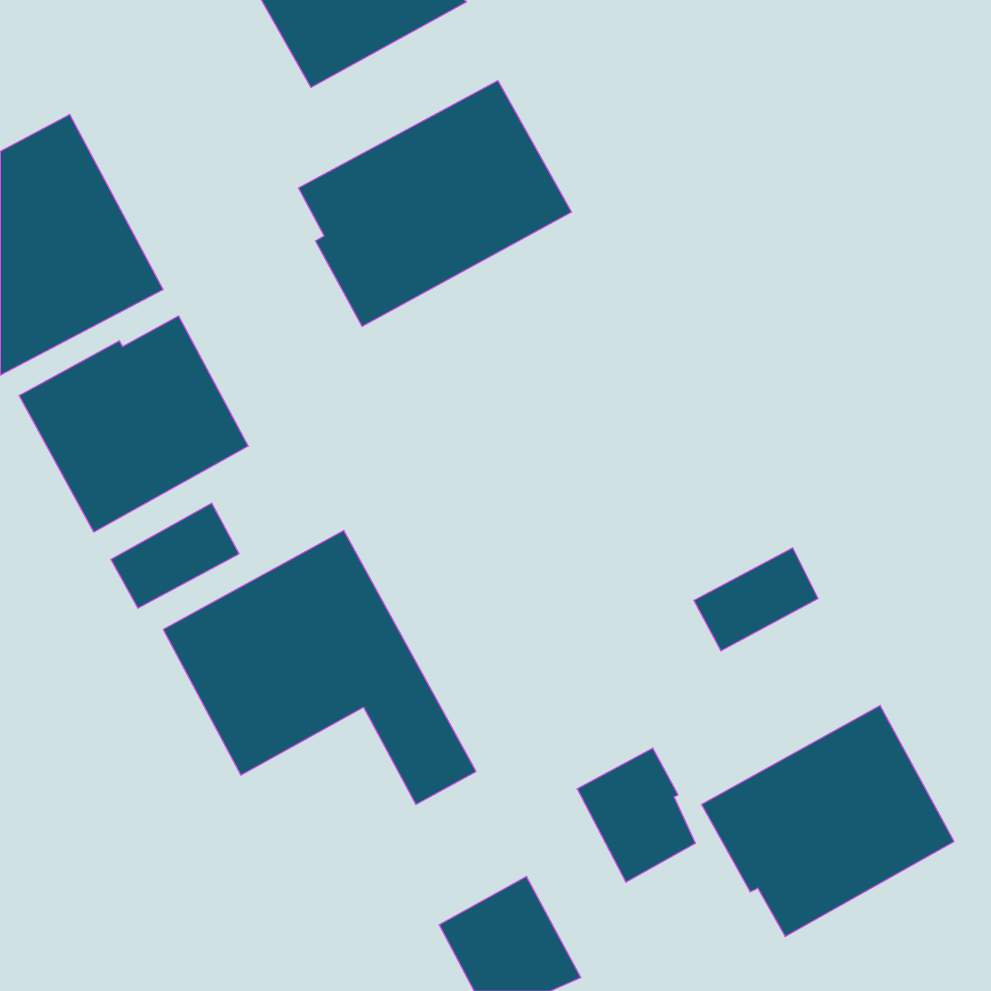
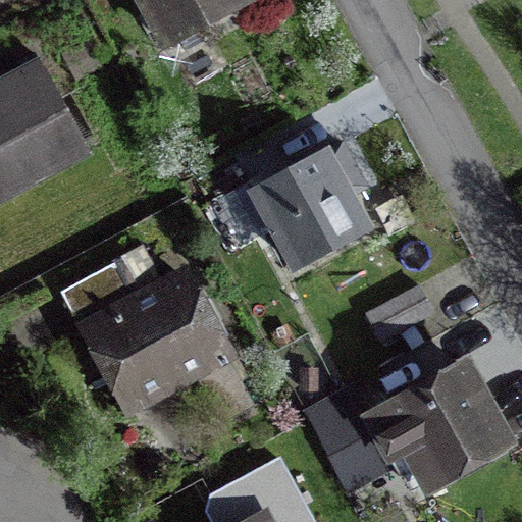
building: [299,81,571,326] -> none
building: none -> [252,146,365,267]
building: [19,316,248,532] -> none

